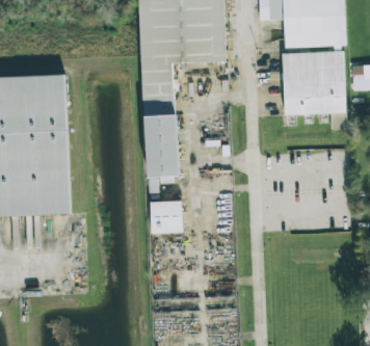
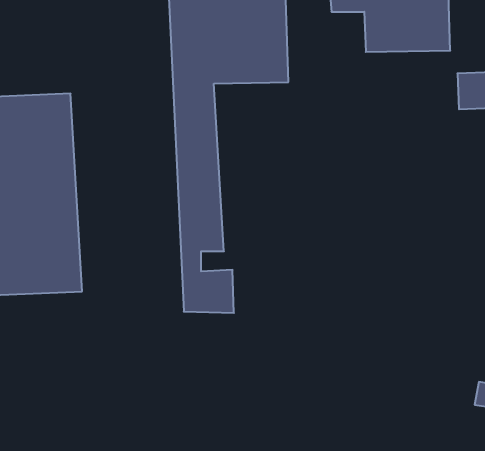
building: [280,46,344,125] -> none

